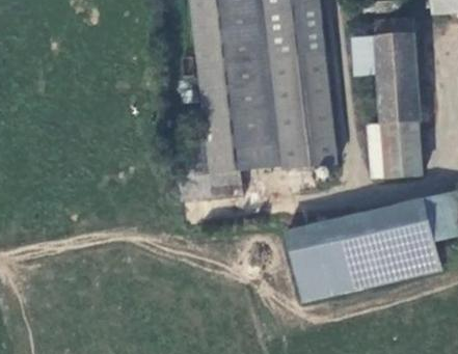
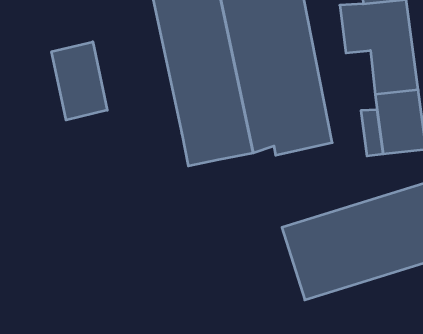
building: none -> [52,42,107,120]
building: [178,145,240,201] -> none

